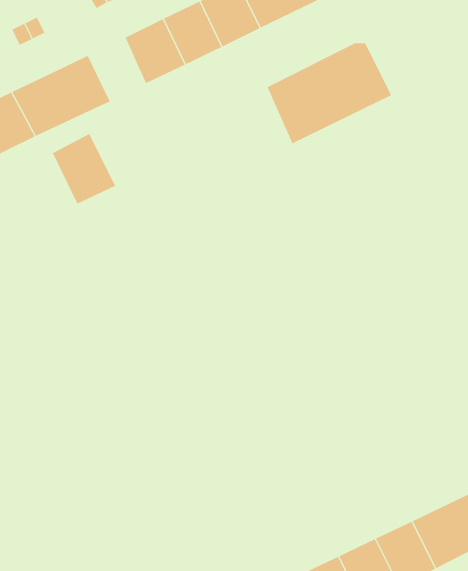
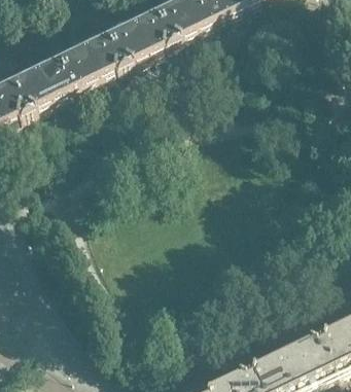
building: none -> [86,35,124,76]
building: [267,43,392,144] -> none
building: [52,133,116,205] -> none

